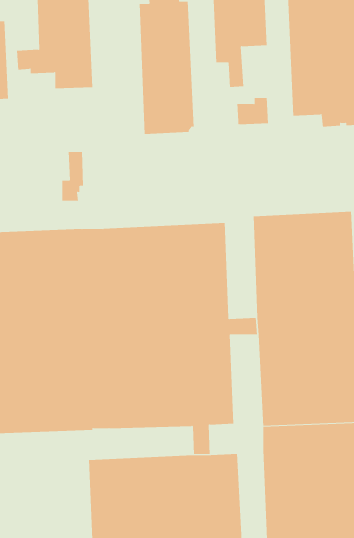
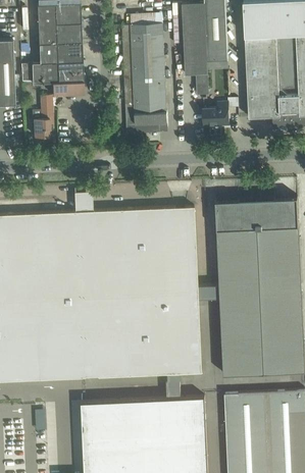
building: [62,152,84,201] -> [34,97,52,138]

